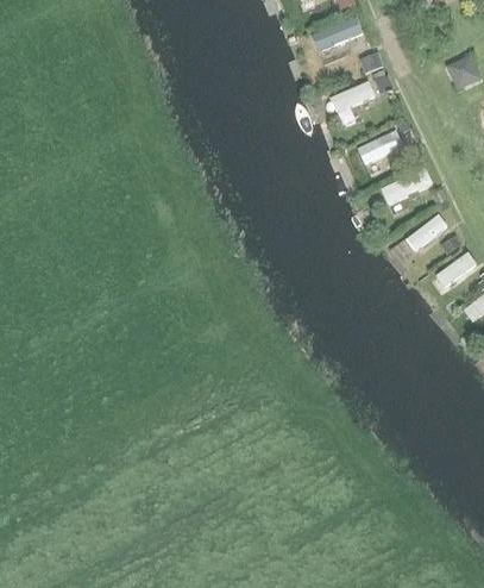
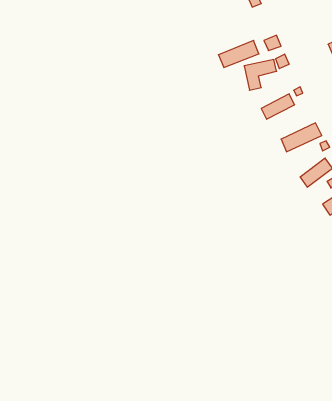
building: [312,15,365,51] -> [218,40,259,67]

